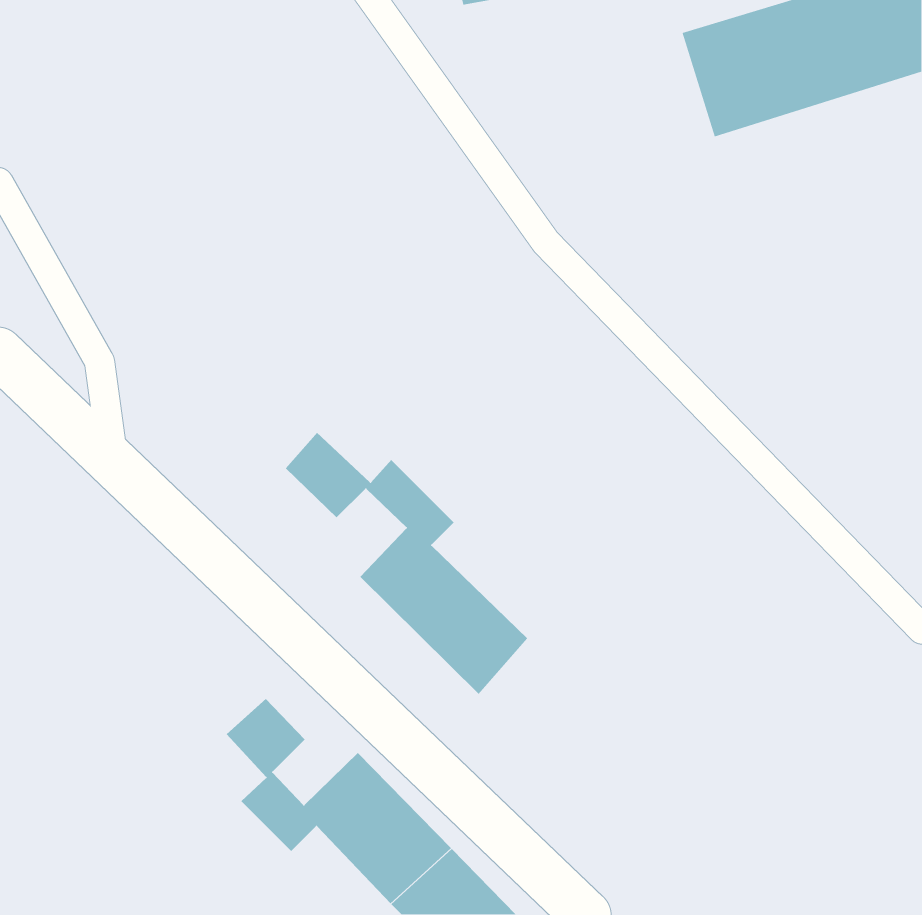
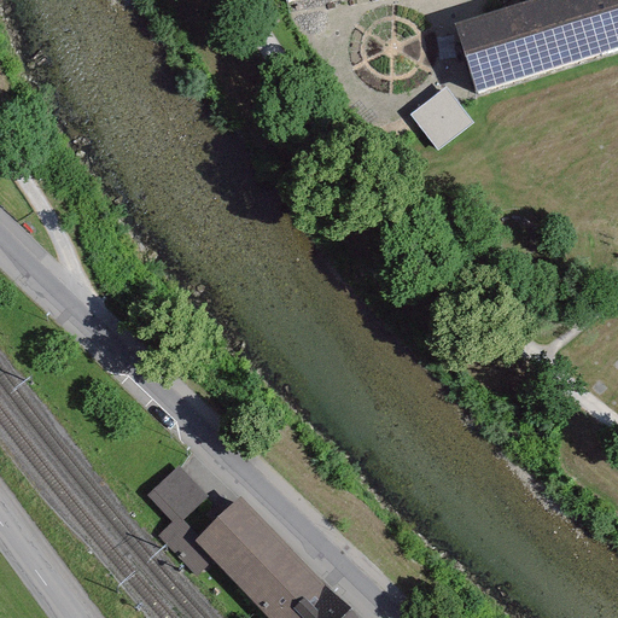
building: none -> [409,82,474,146]
building: [285,432,528,695] -> none

